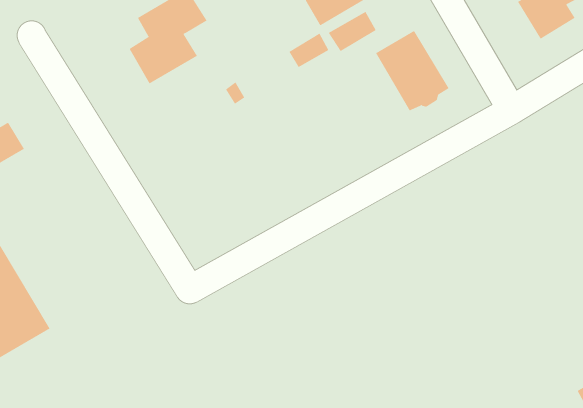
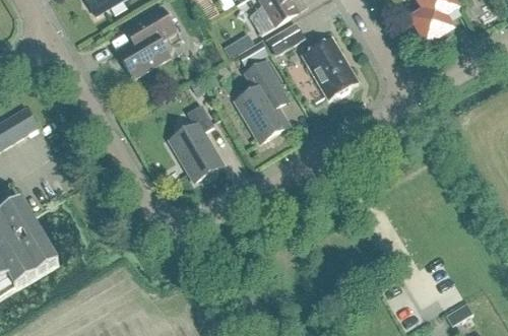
building: none -> [235,57,291,141]
building: none -> [169,103,223,180]

